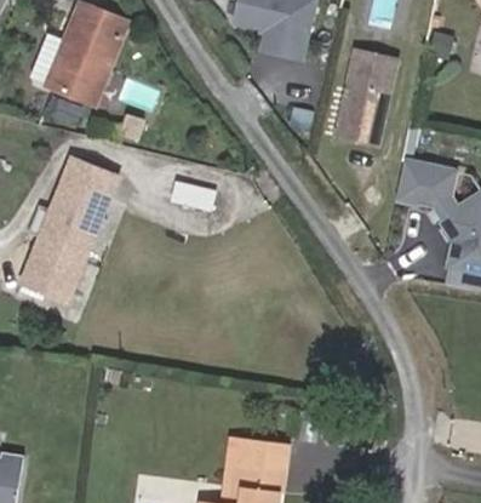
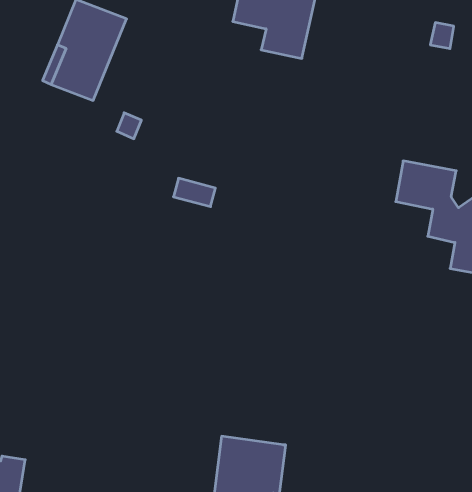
building: [340,53,397,139] -> none
building: [25,160,118,301] -> none

